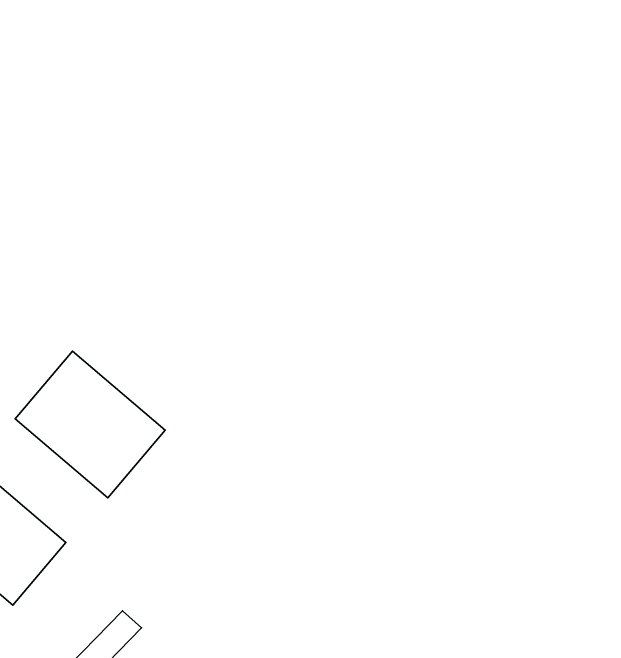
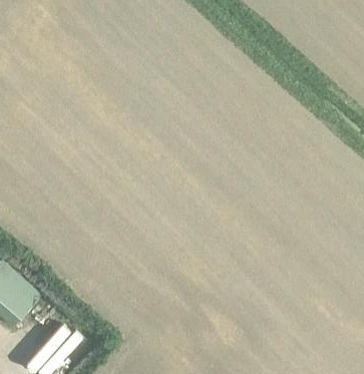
building: [15,351,165,498] -> none

